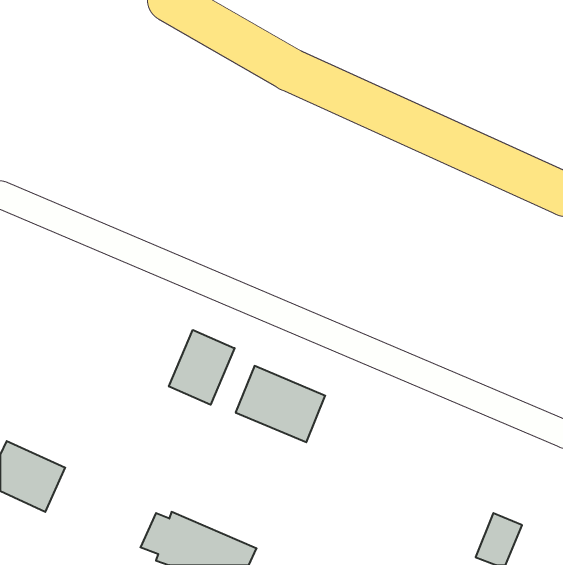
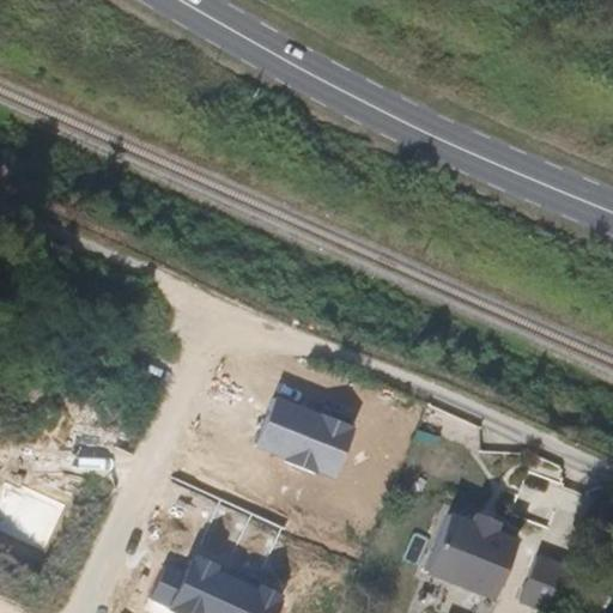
building: [169,330,235,405] -> none
building: none -> [425,511,514,597]

